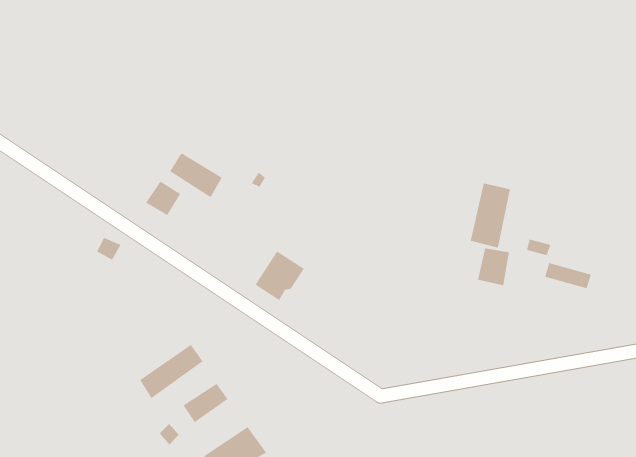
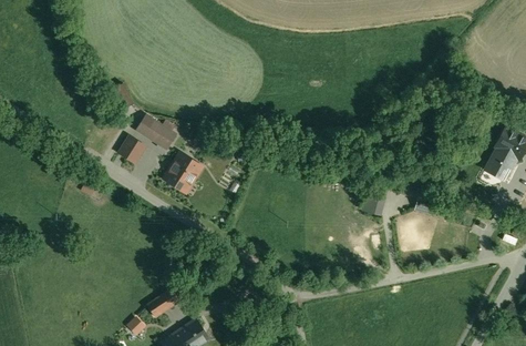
building: [470,183,511,249] -> none
building: [254,250,305,301] -> [164,154,202,192]
building: [139,344,204,399] -> none

